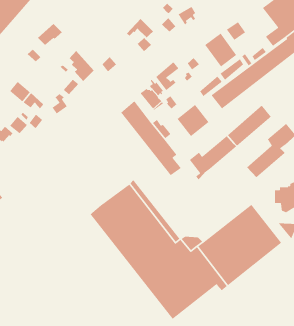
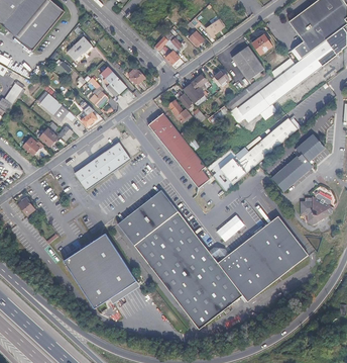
building: [177,104,209,137] -> none
building: none -> [77,145,131,190]
building: none -> [63,233,136,308]

